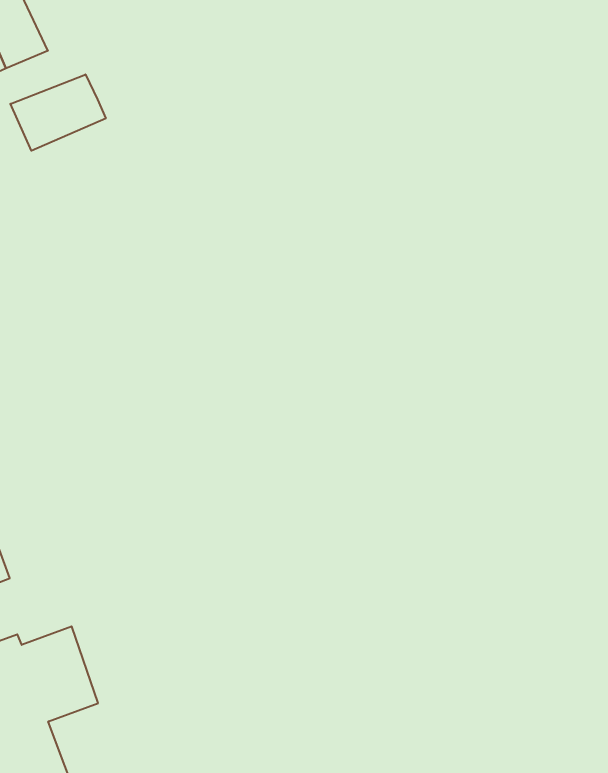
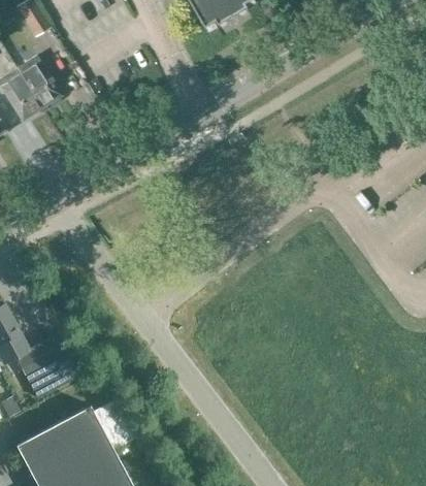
building: [10,74,106,151] -> none

